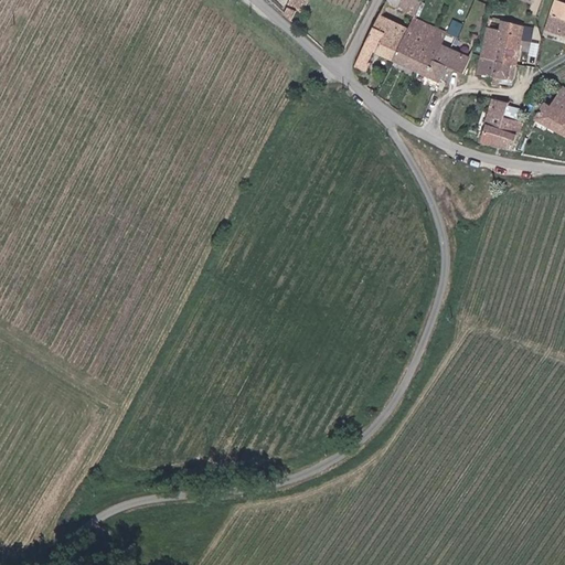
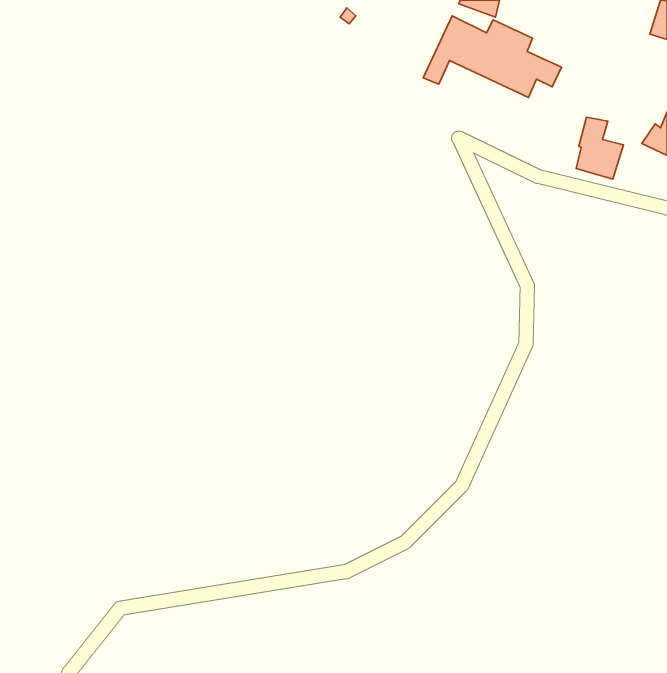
building: [480,19,531,87] -> none

